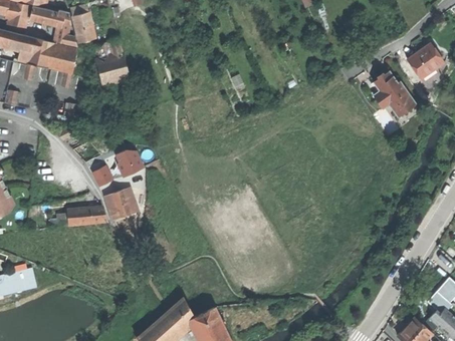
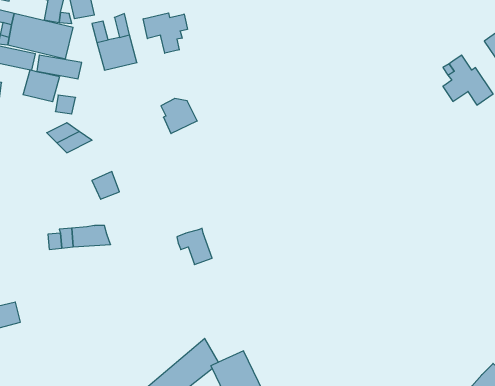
building: none -> [143,13,187,53]
building: none -> [23,70,59,102]
building: [116,148,145,177] -> [161,98,197,134]
building: [104,190,133,219] -> [177,228,212,265]

